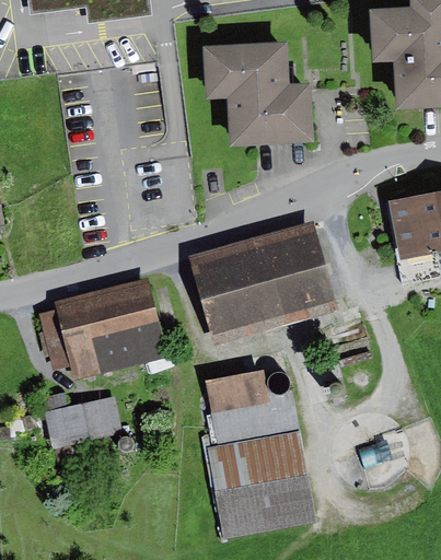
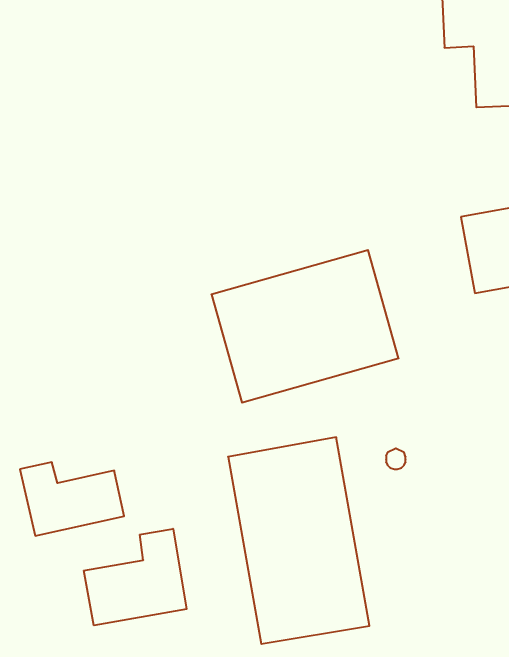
building: [204,44,311,148] -> none
building: [49,287,165,371] -> none
building: none -> [84,529,187,625]

